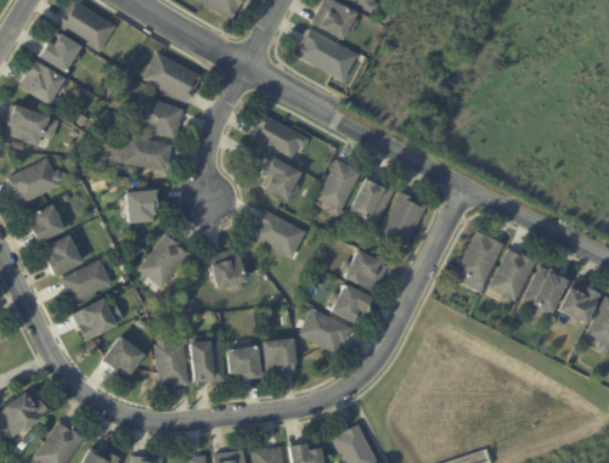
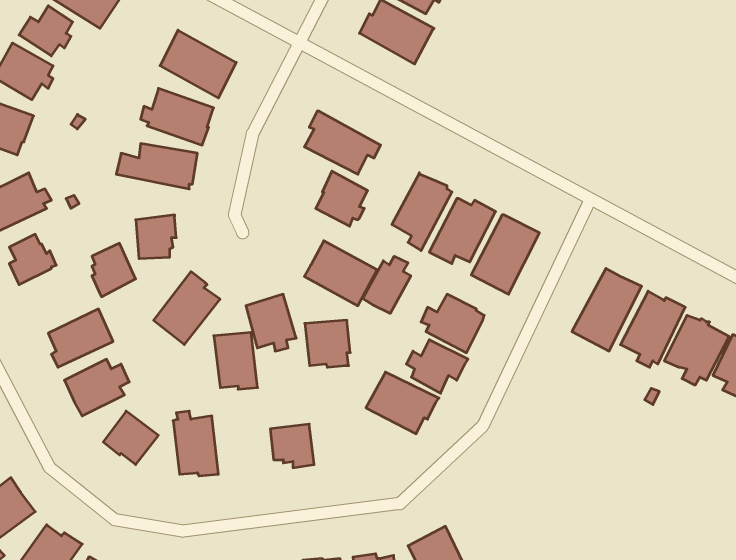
building: none -> [363,256,411,313]
building: [47,236,80,276] -> [92,243,136,297]
building: [263,338,297,373] -> [305,320,350,367]
building: [190,340,222,383] -> [214,332,258,389]

